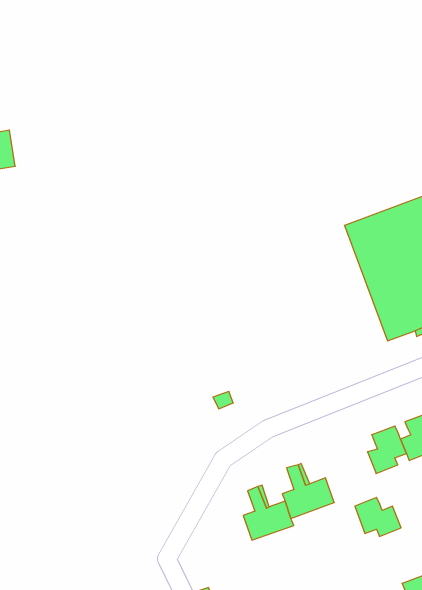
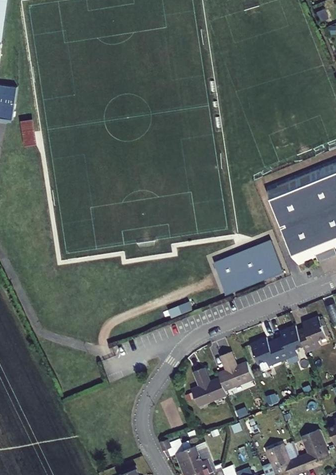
building: none -> [211,241,278,293]
building: [355,497,401,536] -> [254,337,286,364]

